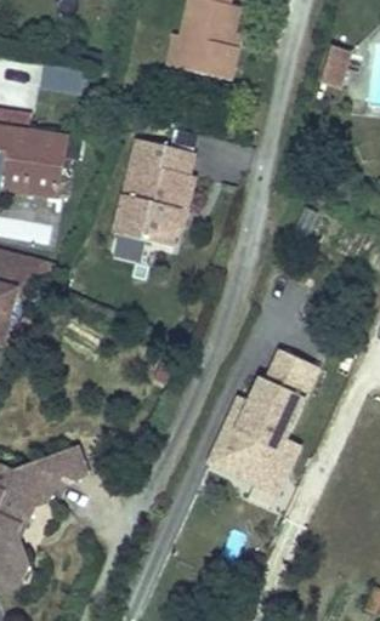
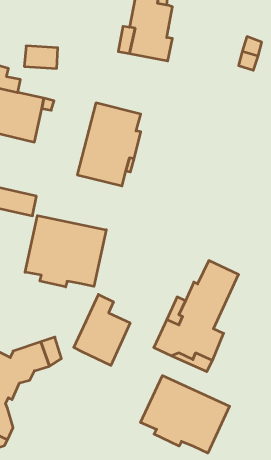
building: none -> [25,216,106,287]
building: none -> [74,294,130,365]
building: none -> [141,376,230,453]

